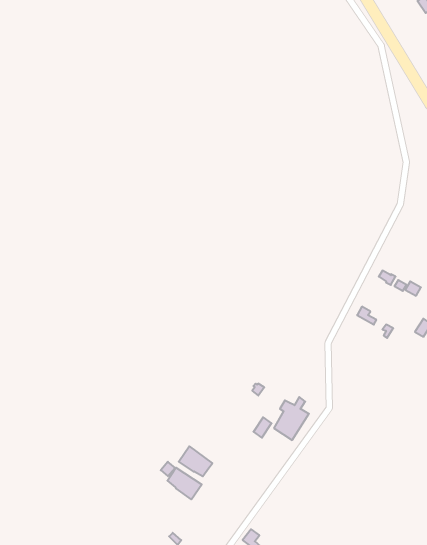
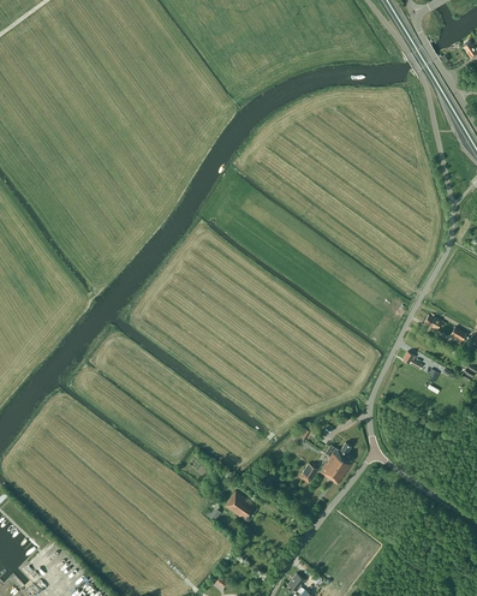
building: [167,468,202,499] -> none

